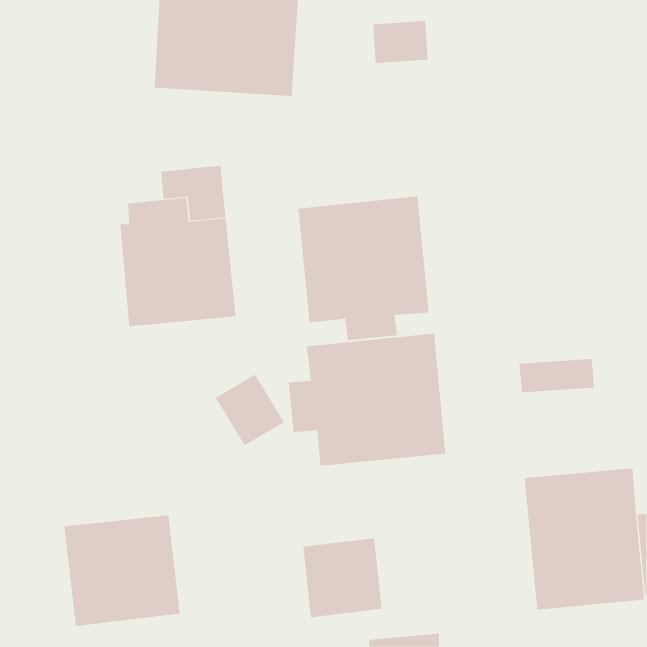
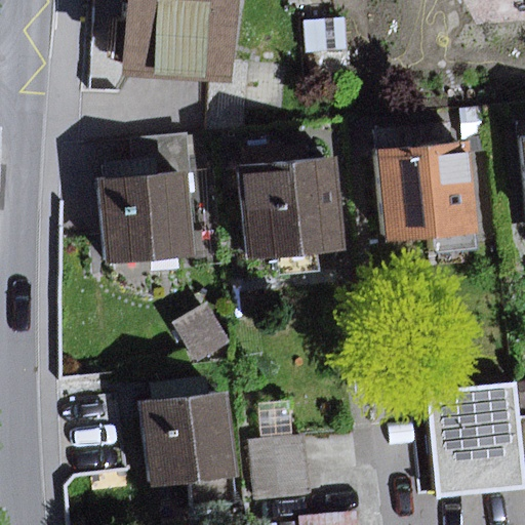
building: none -> [379,144,478,254]
building: [288,333,446,467] -> none
building: [64,515,181,627] -> [143,396,237,486]

